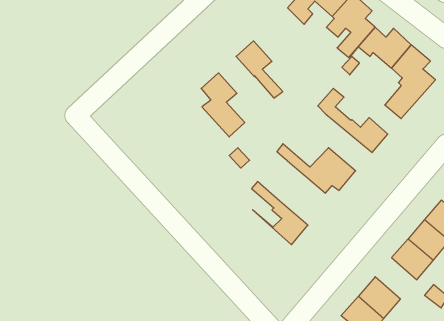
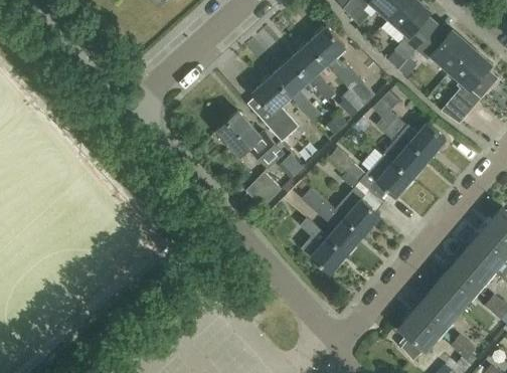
building: none -> [307,26,376,108]
building: none -> [271,59,319,122]
building: none -> [216,112,283,169]
building: none -> [375,119,430,178]
building: none -> [334,172,380,234]
building: none -> [245,173,281,208]
building: none -> [297,218,346,273]
building: none -> [433,267,476,311]

